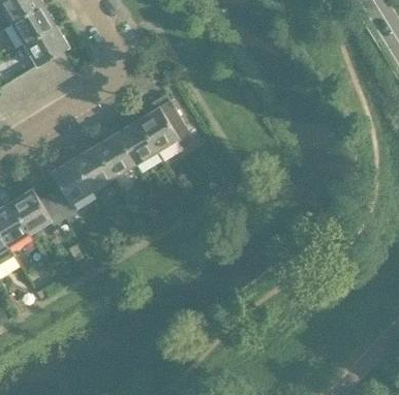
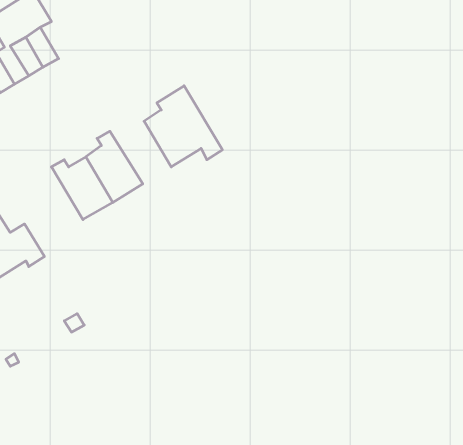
building: [113,121,157,166] -> none
building: [51,154,93,219] -> none

